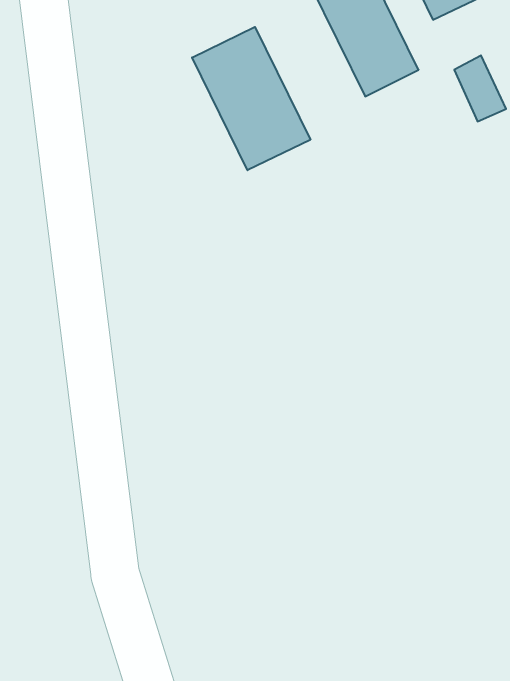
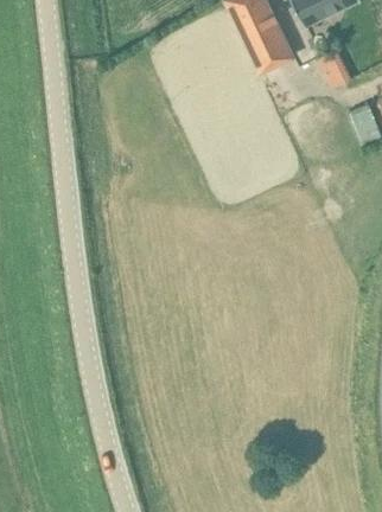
building: [192,27,310,170] -> none

